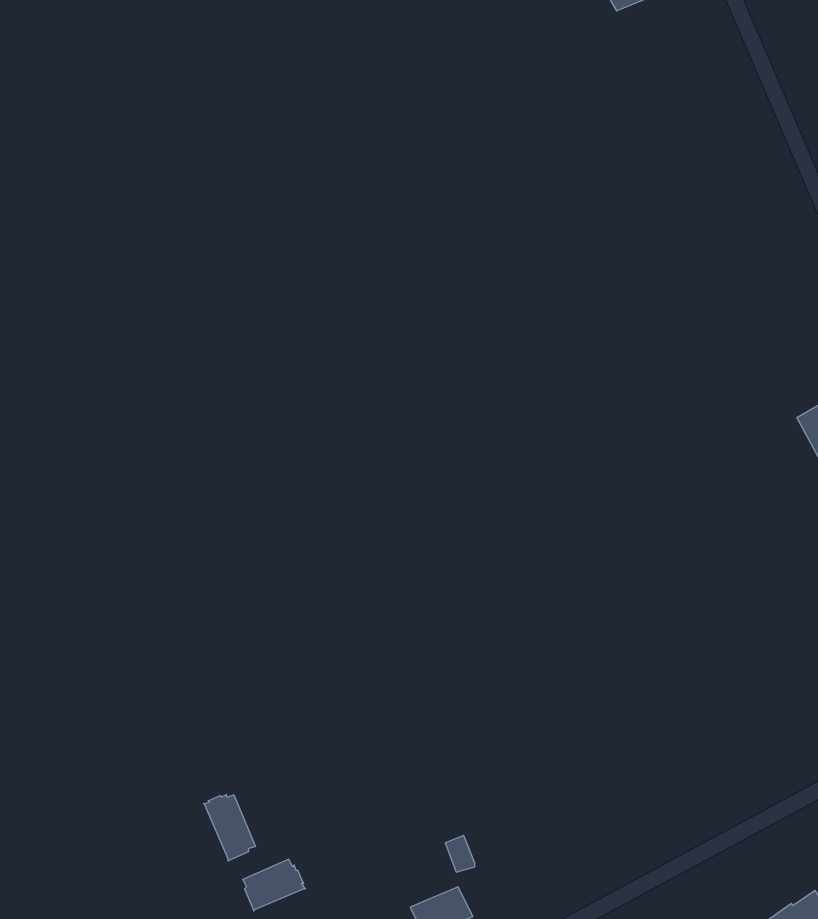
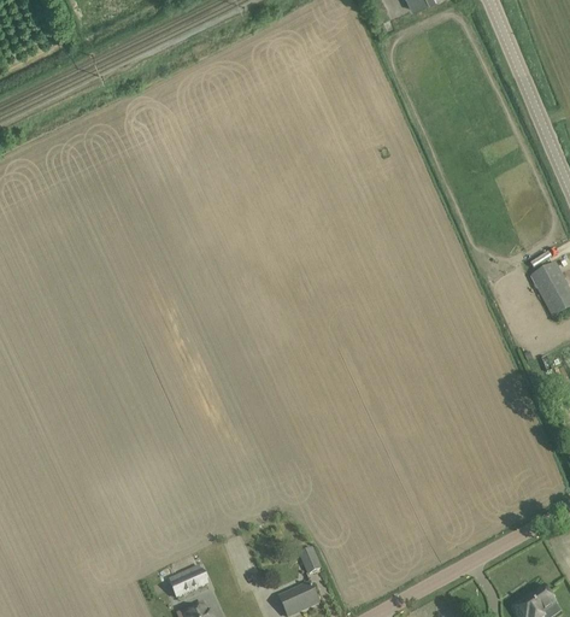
building: [203,794,255,861] -> none

